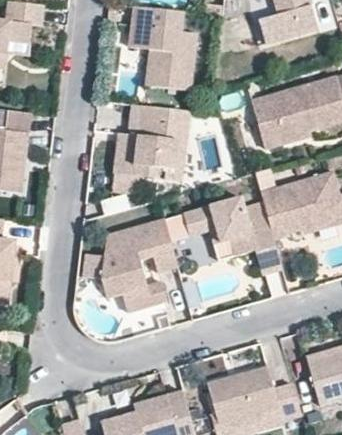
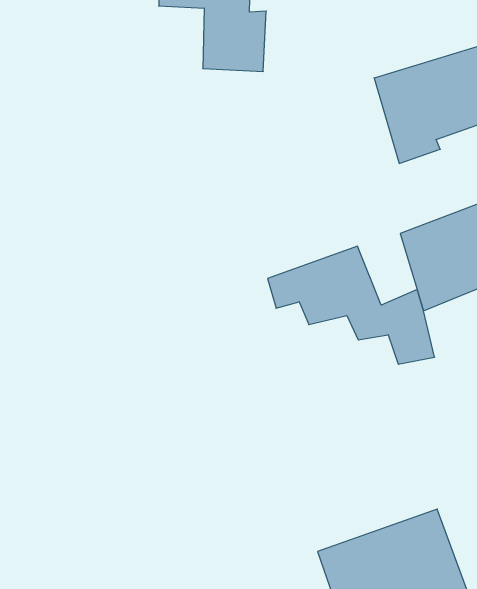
building: [123,105,189,178] -> none
building: [104,220,176,314] -> none

